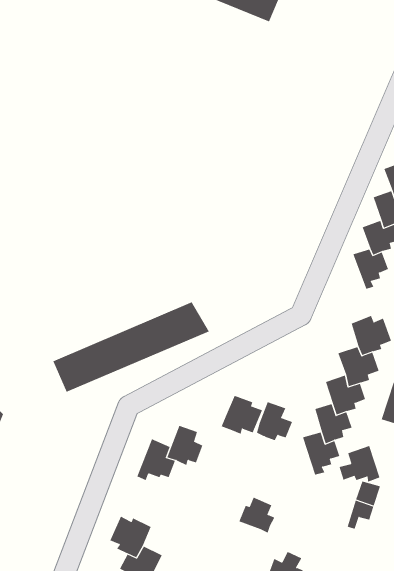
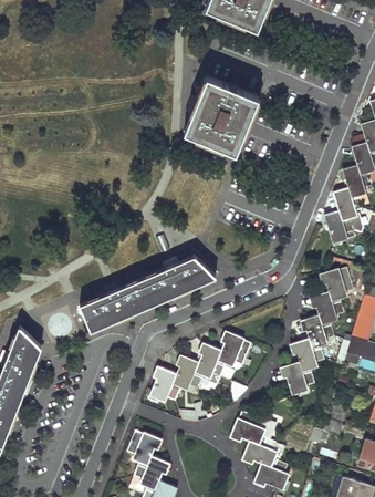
building: none -> [184,76,259,154]
building: [256,402,293,441] -> [196,344,226,376]
building: [339,445,380,482] -> none
building: none -> [242,438,273,468]

